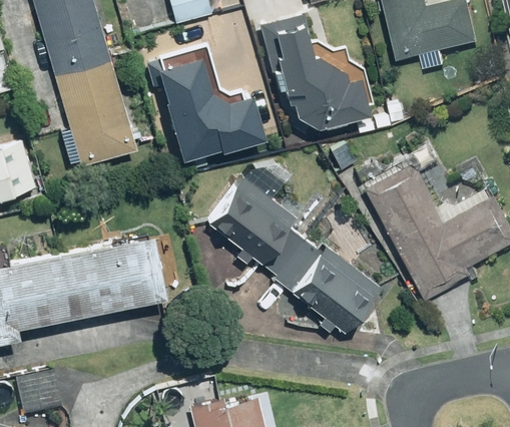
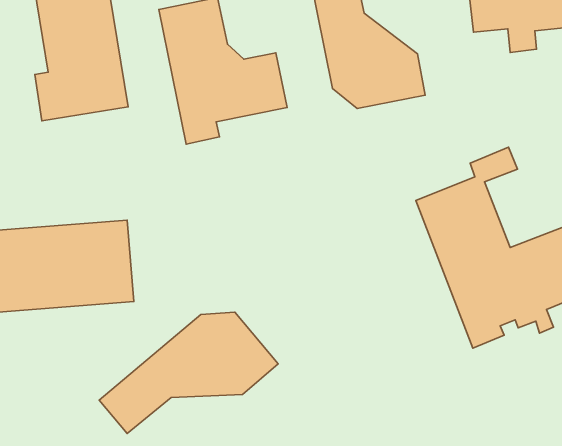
building: [208,151,379,333] -> none
building: none -> [99,312,278,434]

